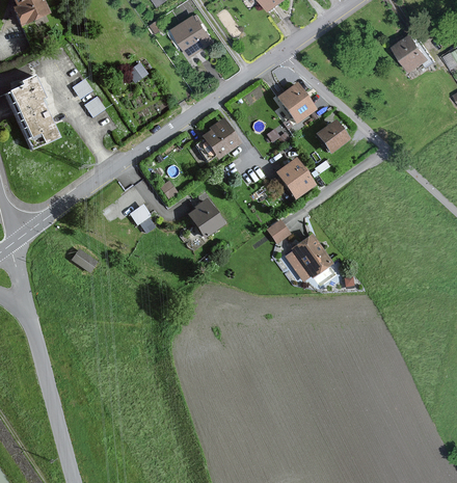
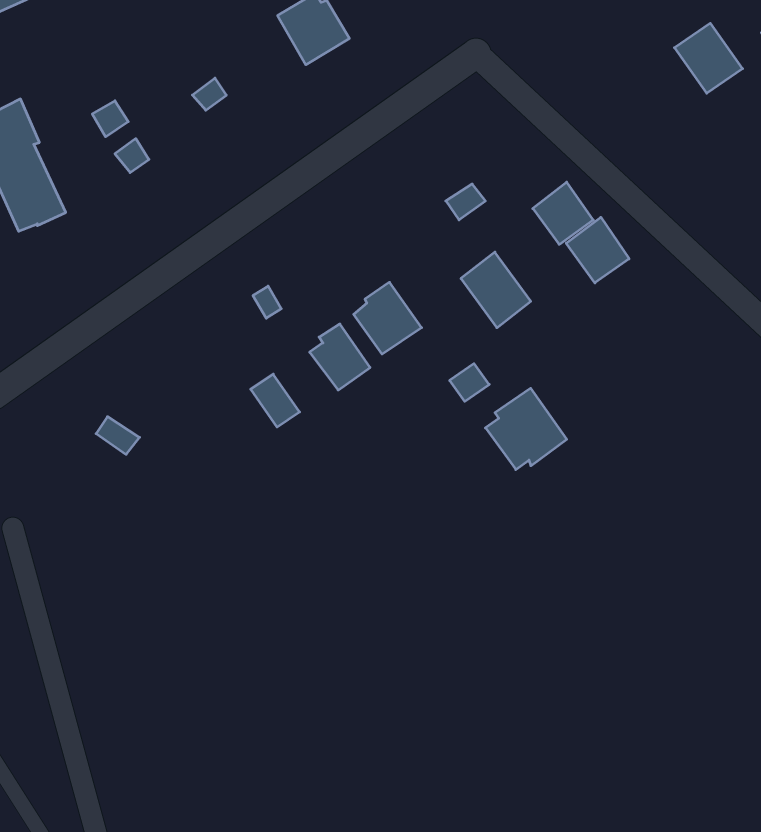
building: [274,84,314,126] -> none
building: [200,120,238,160] -> [354,282,422,354]
building: none -> [566,217,629,283]
building: [129,202,156,231] -> [251,374,300,427]

